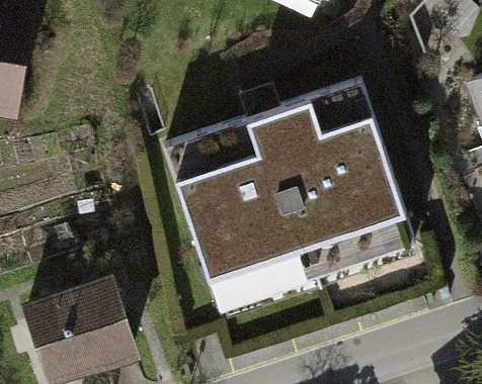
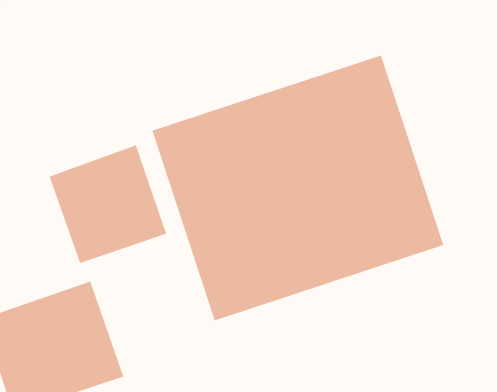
building: none -> [49,145,167,264]

